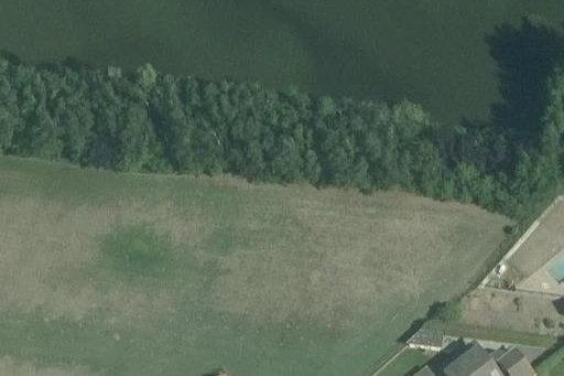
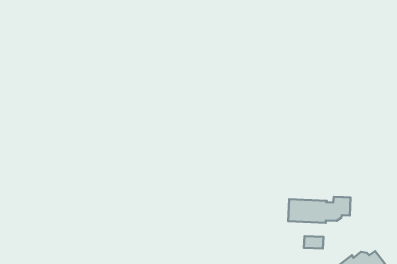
building: none -> [288,197,351,223]

